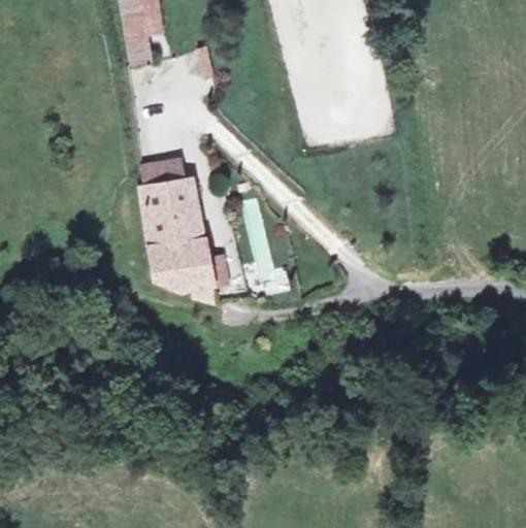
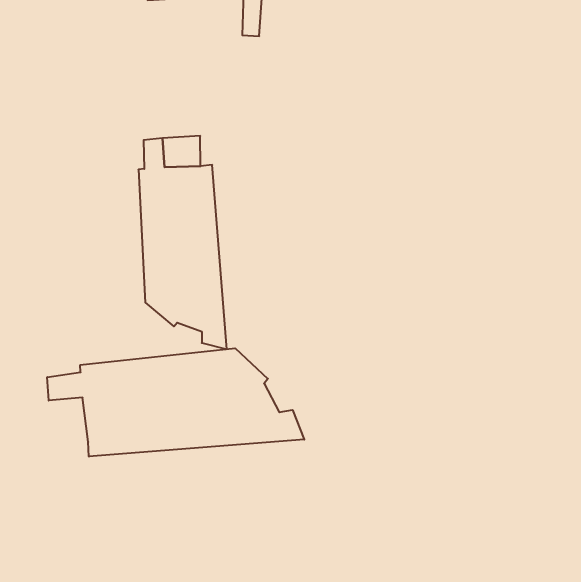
building: none -> [47,348,304,457]

